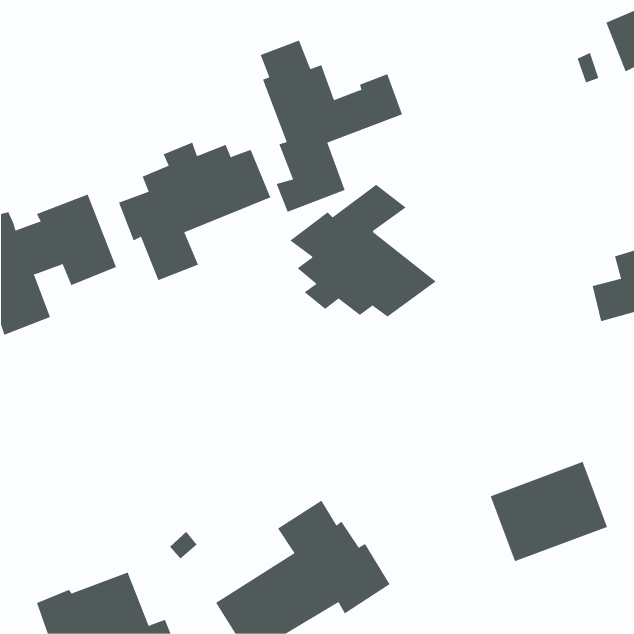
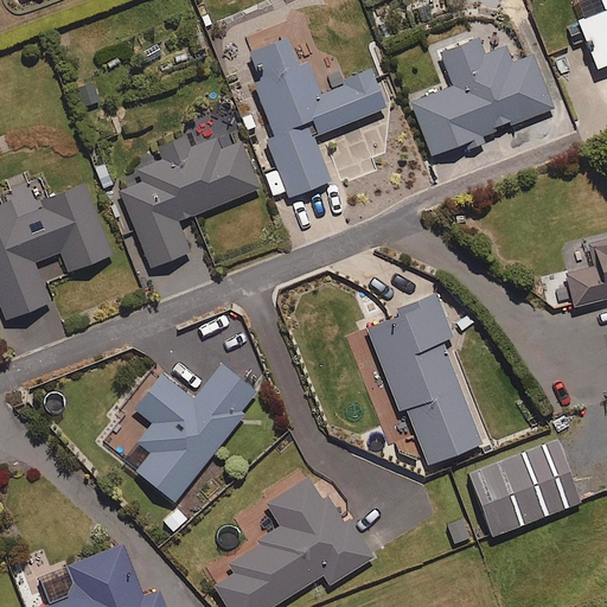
building: none -> [413,36,554,155]
building: [289,184,437,318] -> none
building: none -> [347,294,483,466]
building: none -> [132,364,260,503]

